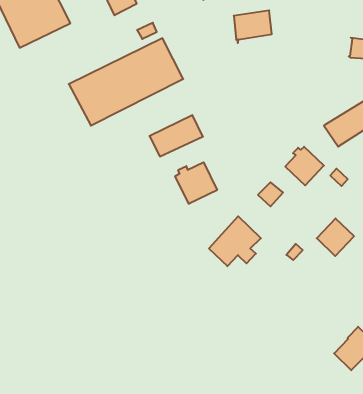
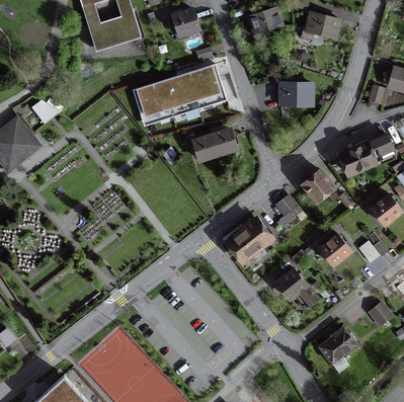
building: [234,10,272,43] -> [280,84,312,107]
building: [175,162,217,204] -> none
building: none -> [275,268,317,309]

